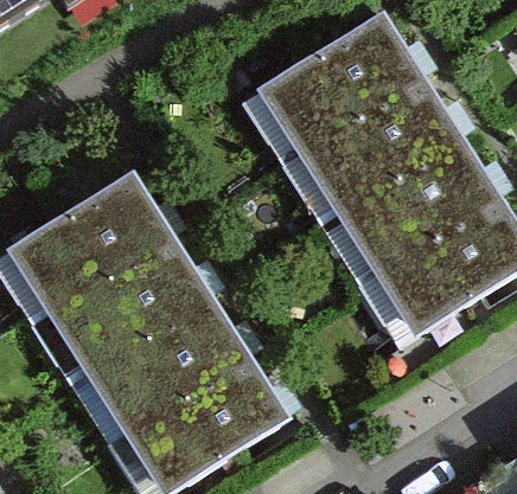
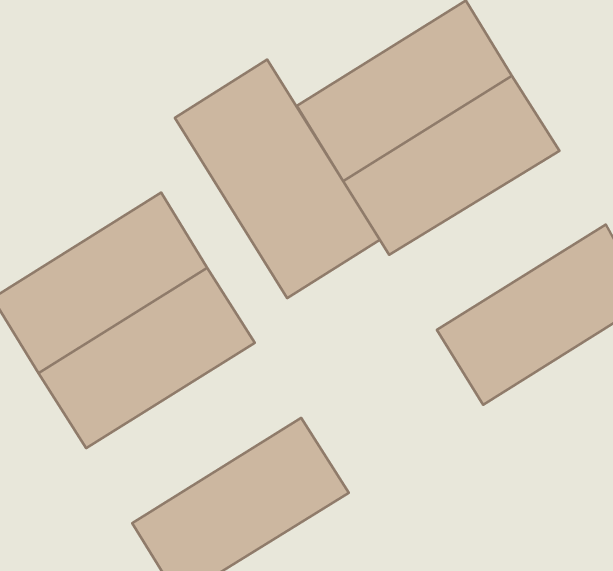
building: none -> [175,60,380,298]
building: [324,136,502,283] -> none
building: [75,294,251,442] -> none

